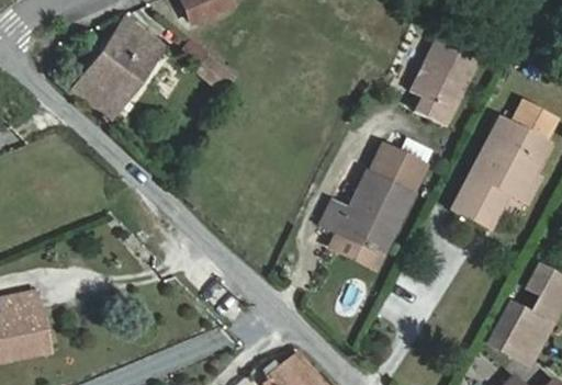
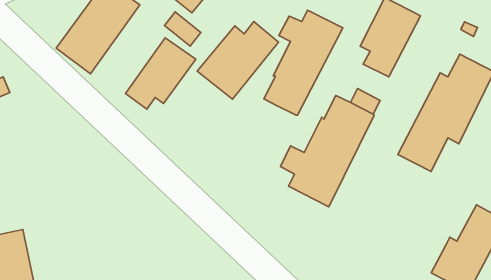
building: none -> [264,10,343,115]
building: none -> [197,22,279,99]
building: none -> [125,38,196,109]

